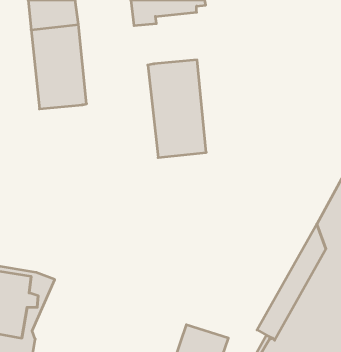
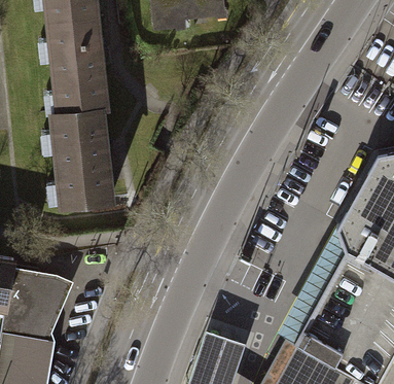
building: [148,60,206,158] -> [52,107,111,205]

